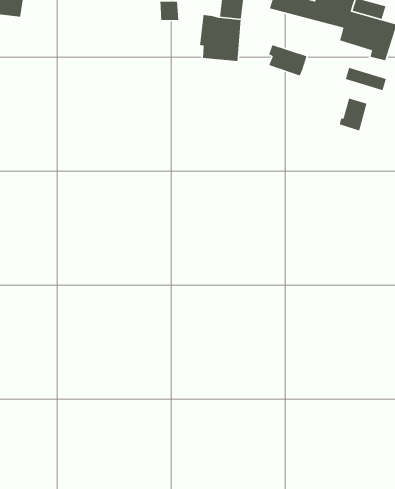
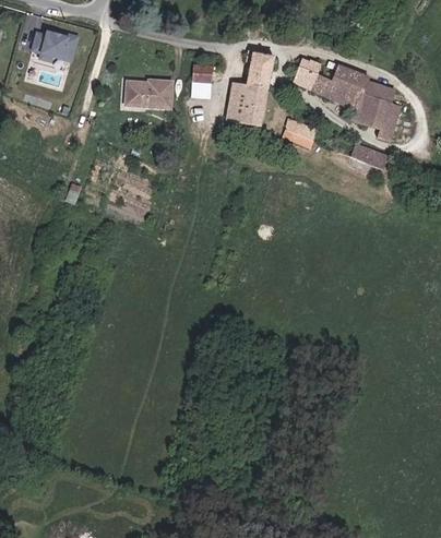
building: none -> [120,79,174,110]
building: [339,98,368,132] -> none

